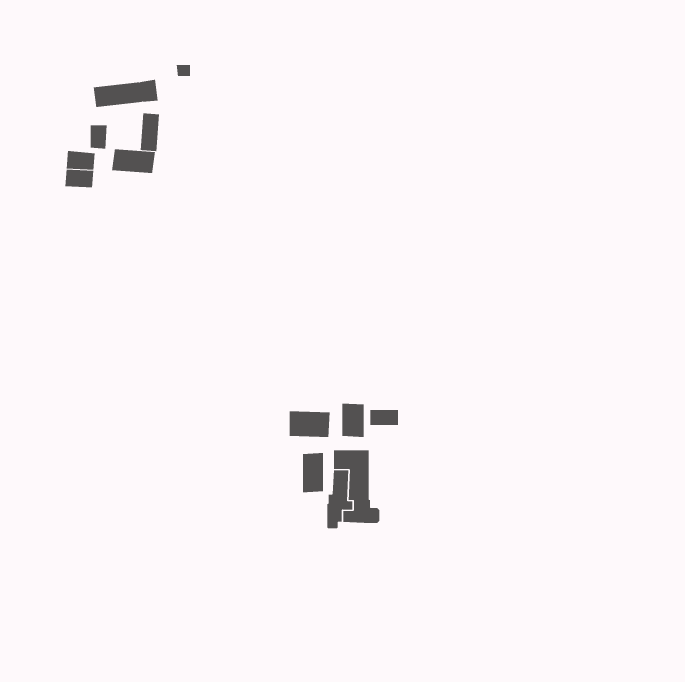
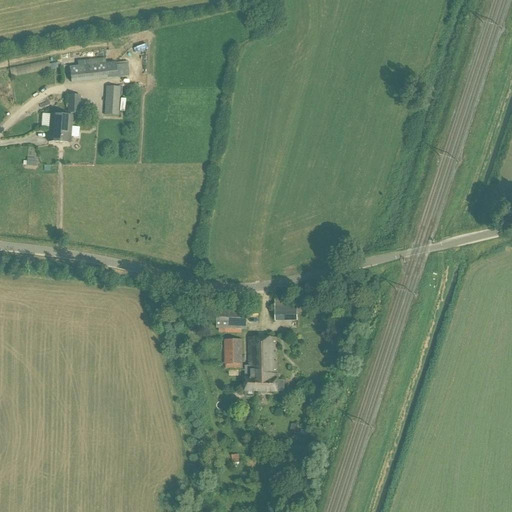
building: [112,149,155,174] -> none
building: [342,403,364,438] -> none

